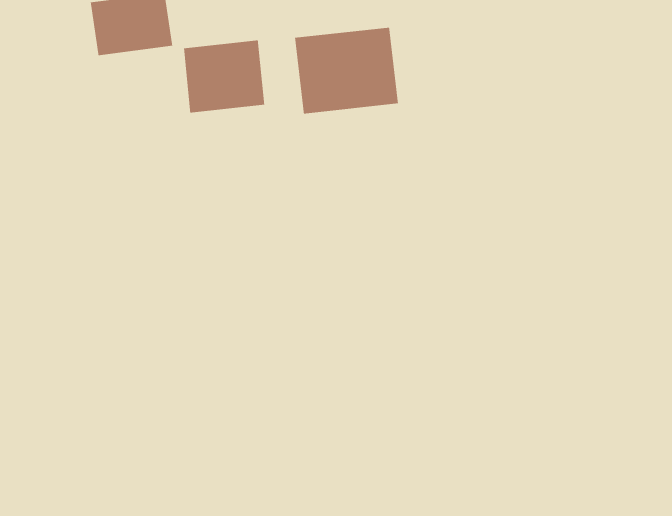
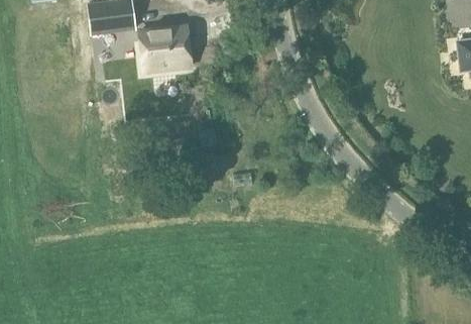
building: [294,27,399,114] -> none

